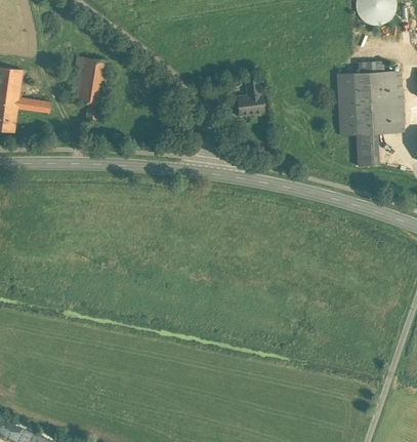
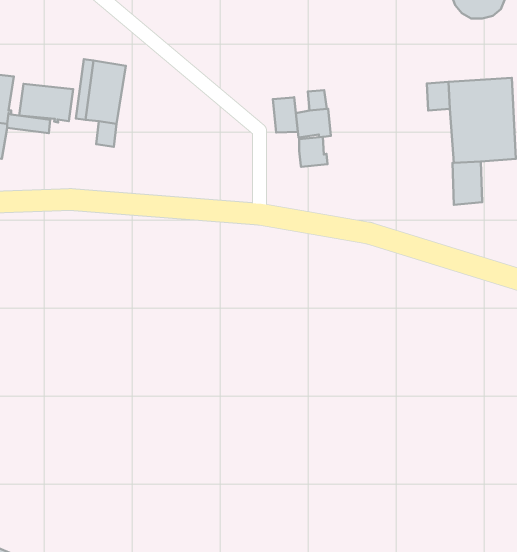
building: none -> [19,84,73,122]
building: none -> [273,97,298,133]
building: [337,94,357,136] -> none
building: none -> [299,137,327,167]

